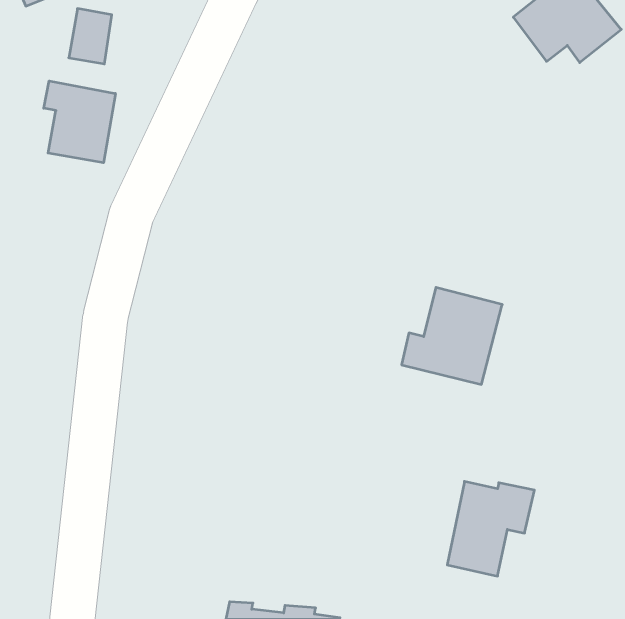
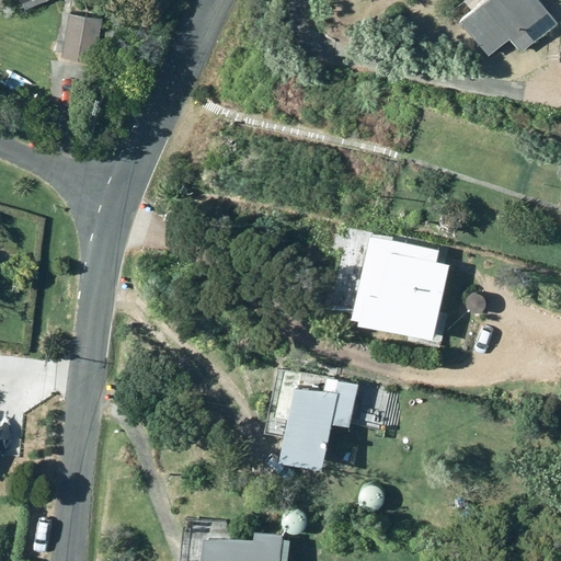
building: [44,81,115,163] -> none
building: [447,481,534,576] -> [278,385,356,469]

